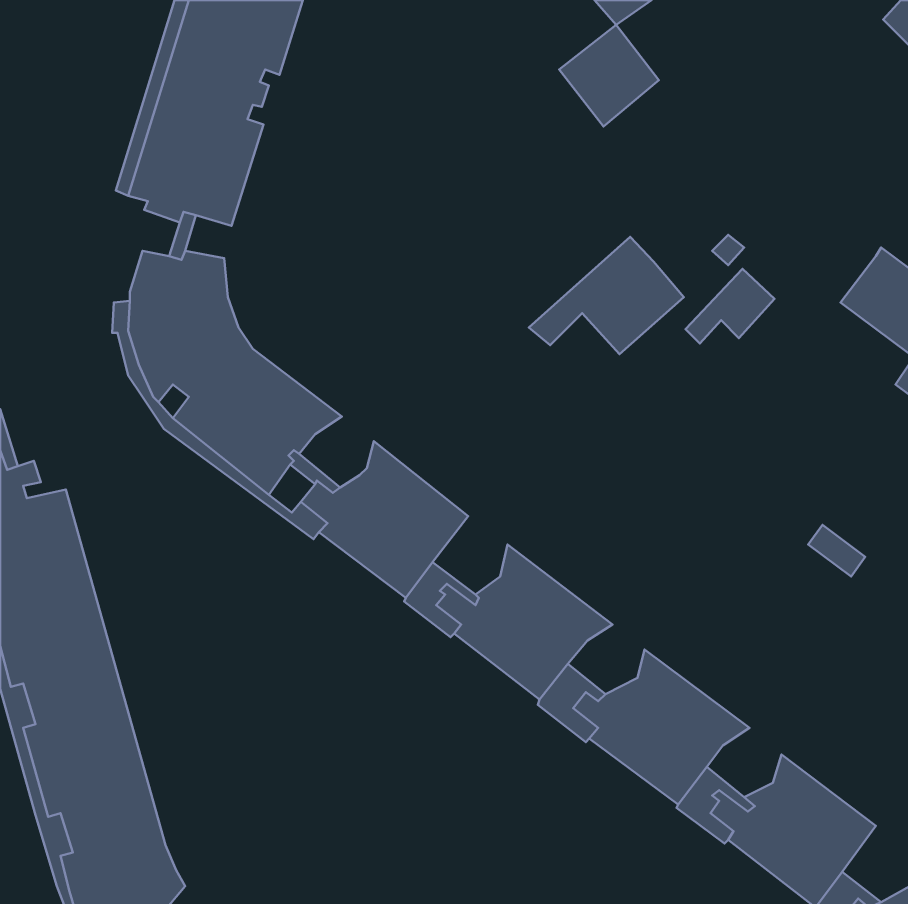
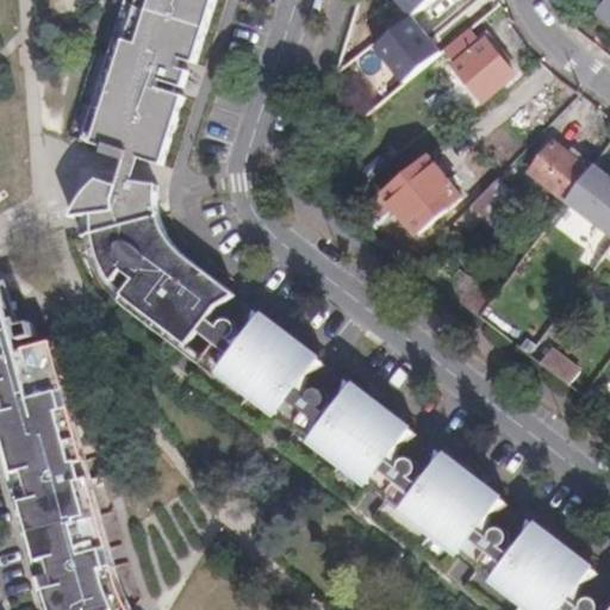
building: none -> [443,37,516,110]
building: none -> [529,148,587,206]

